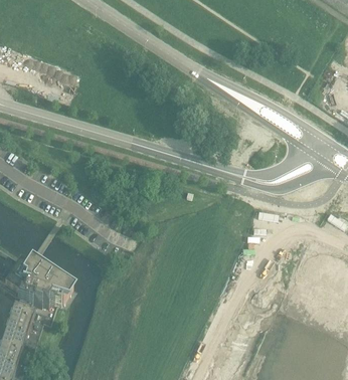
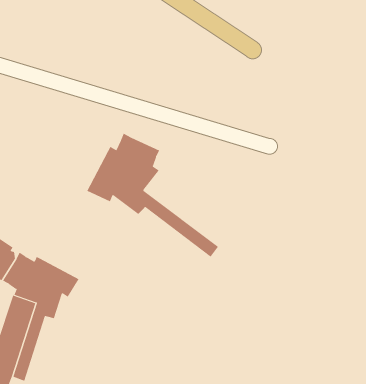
building: none -> [86,133,219,257]

